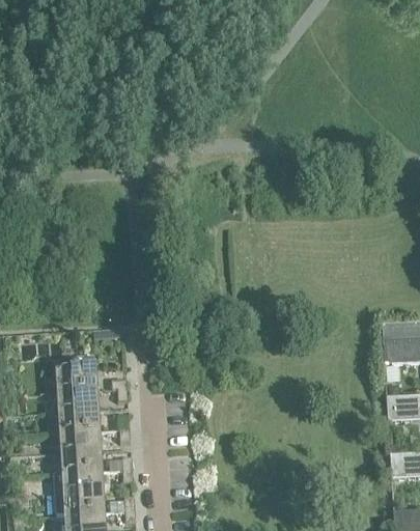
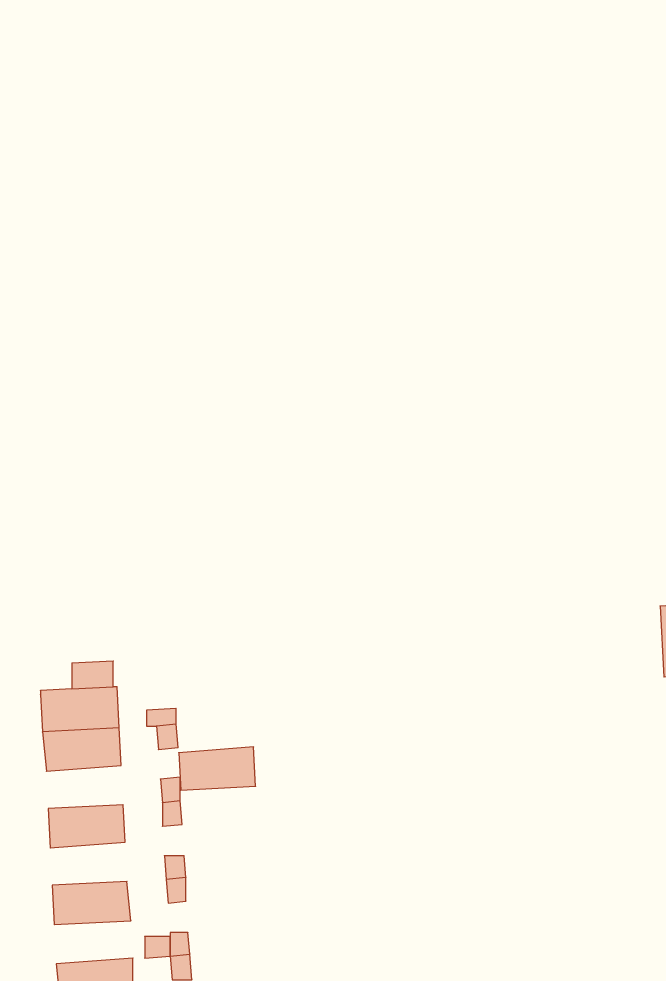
building: [58,411,99,434] -> [179,747,256,790]
building: [60,451,101,474] -> none
building: [62,493,104,515] -> none

